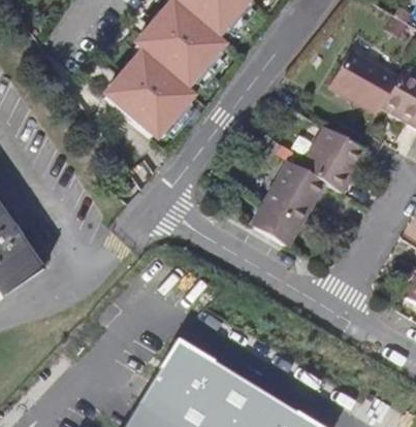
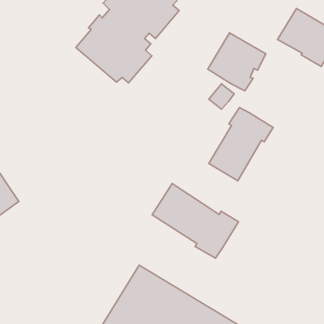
building: [302,127,369,193] -> [208,33,266,91]
building: none -> [152,184,239,258]

